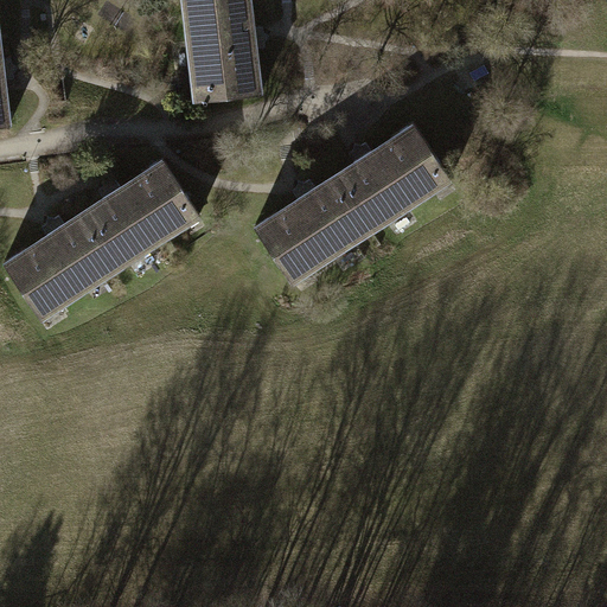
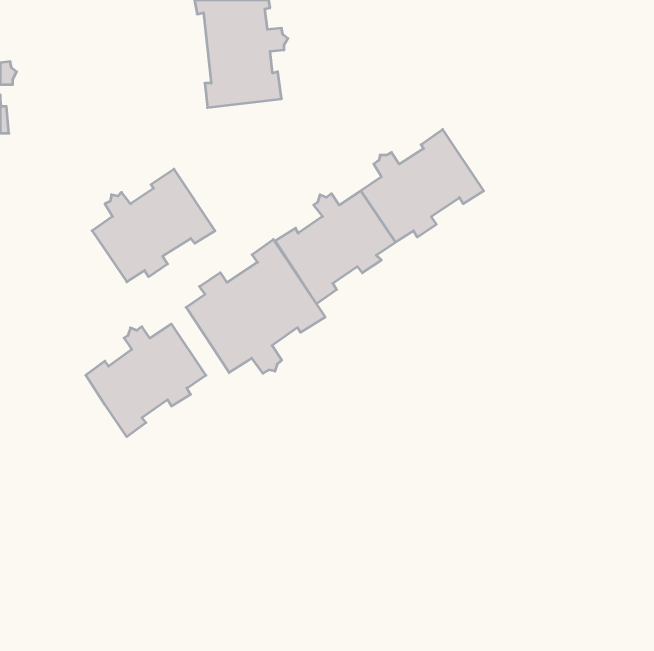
building: [6,217,117,321] -> [86,324,206,437]
building: none -> [186,239,325,373]

